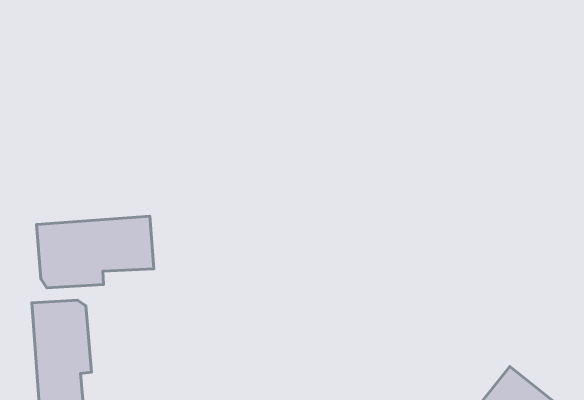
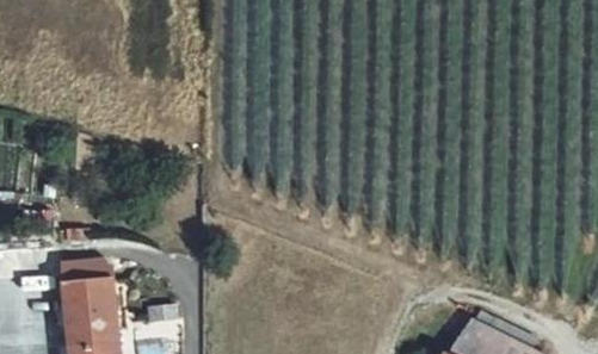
building: [36,216,154,288] -> none

